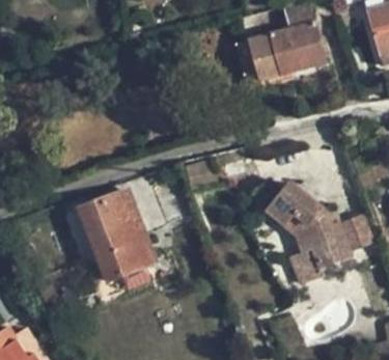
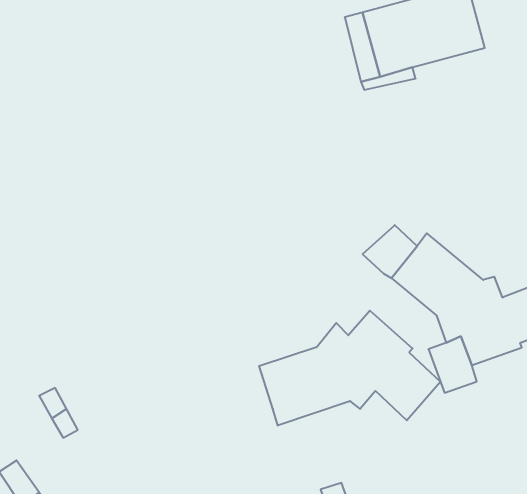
building: [77,189,154,281] -> none
building: none -> [259,311,441,426]

